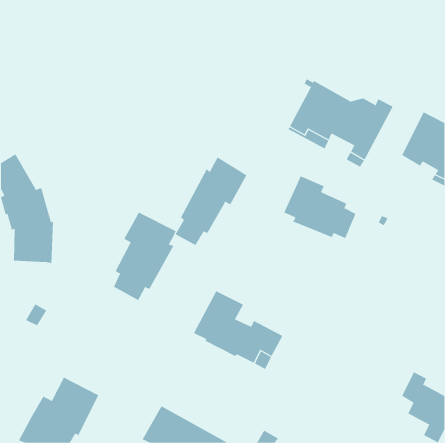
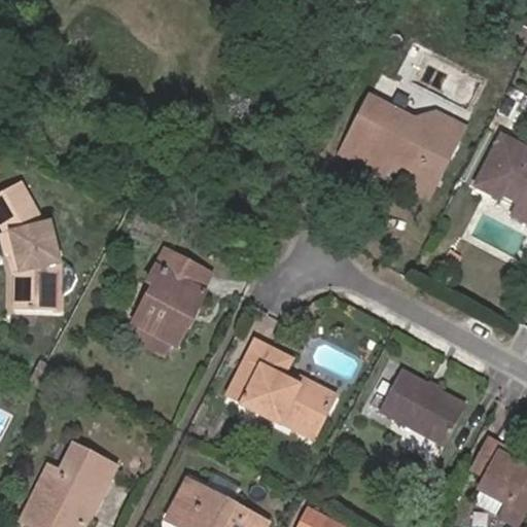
building: [175,157,247,246] -> none
building: [283,176,356,239] -> none
building: none -> [378,370,466,445]

